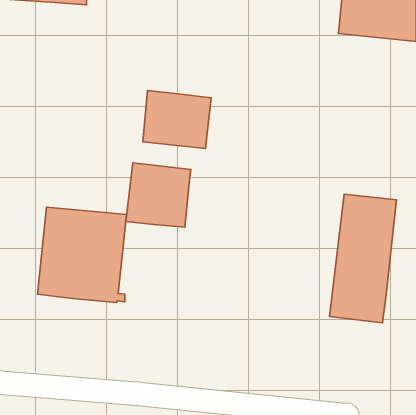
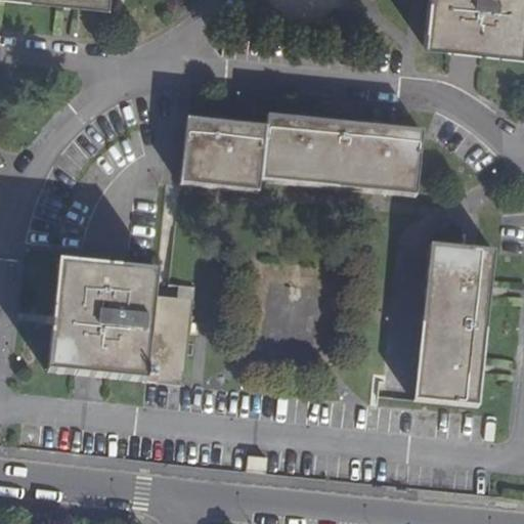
building: none -> [259,112,423,193]
building: [126,163,191,227] -> none

